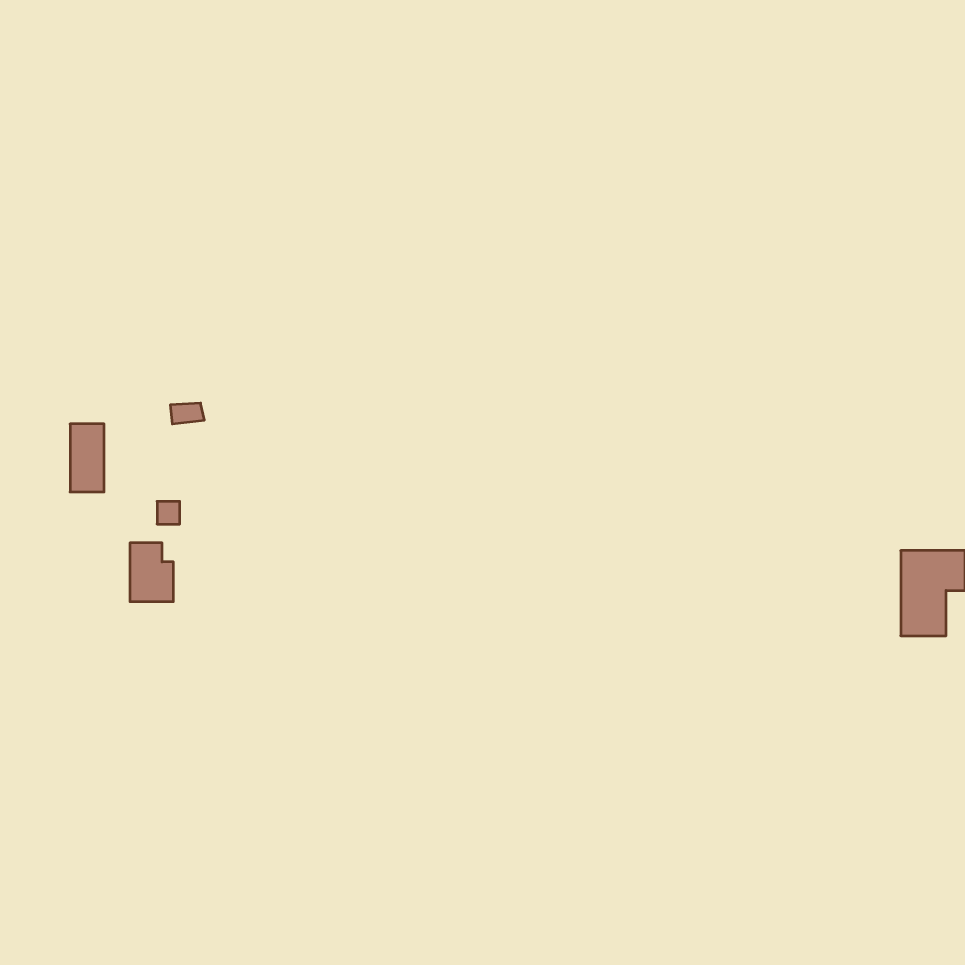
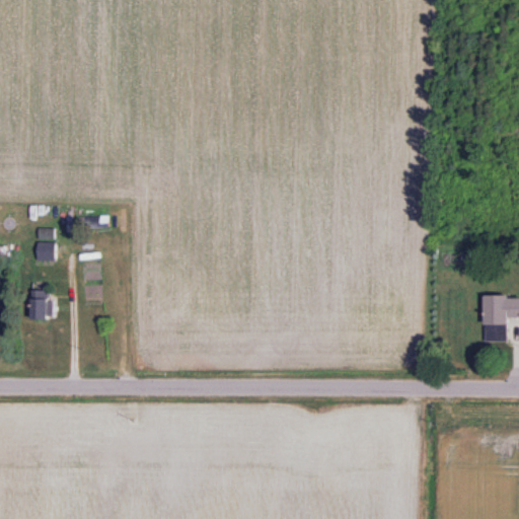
building: [130,543,173,602] -> [29,288,53,319]

